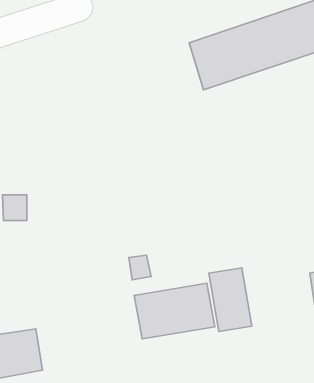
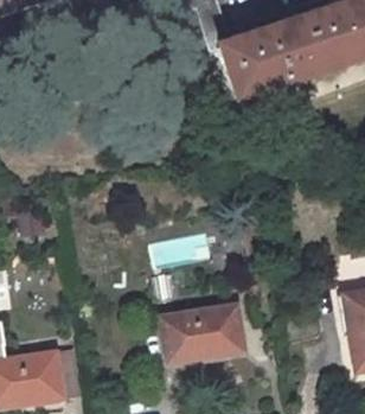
building: [209,268,252,331] -> none

